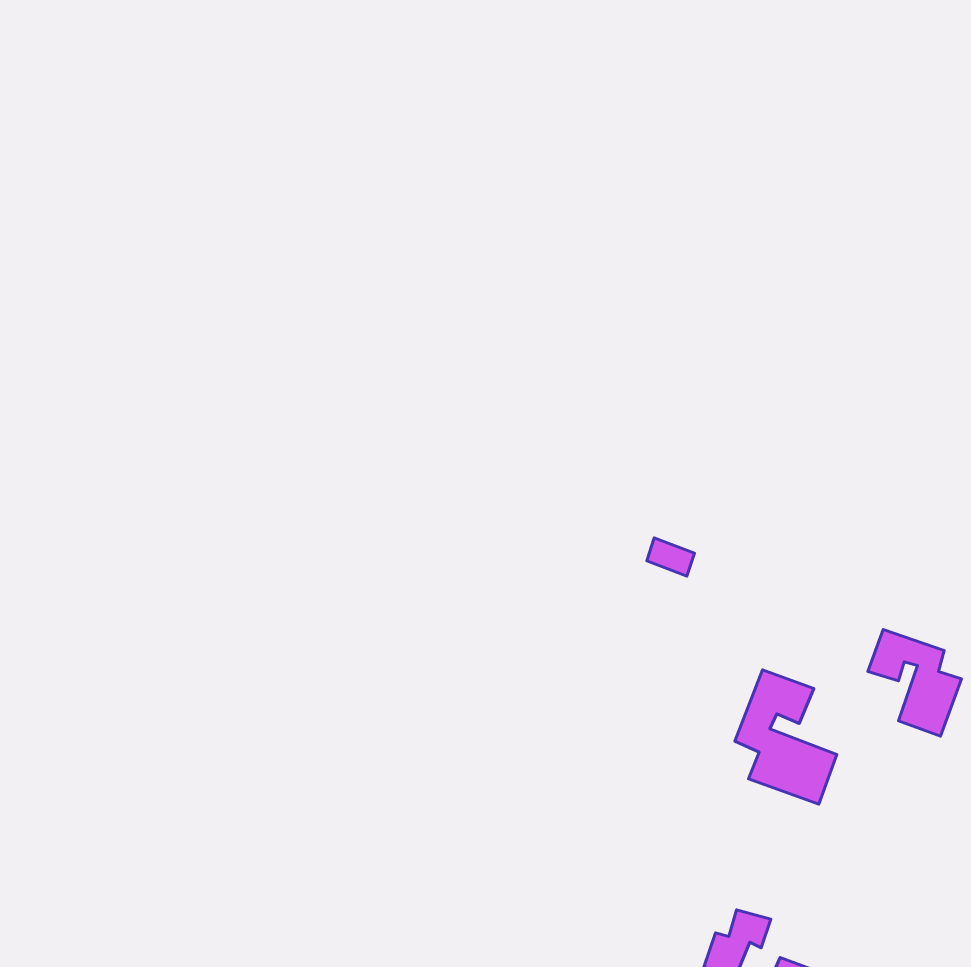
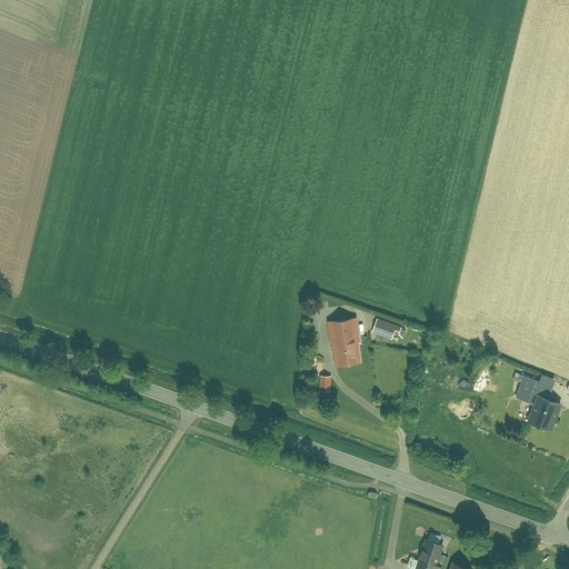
building: none -> [327,319,360,368]
building: [735,670,837,804] -> none

